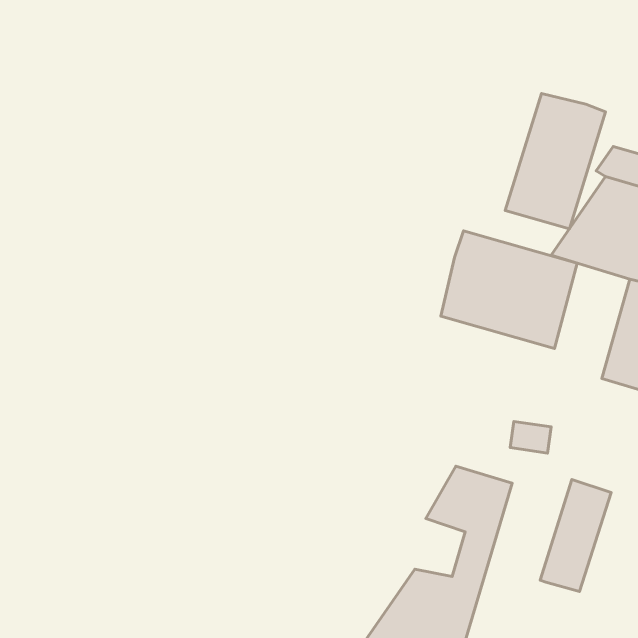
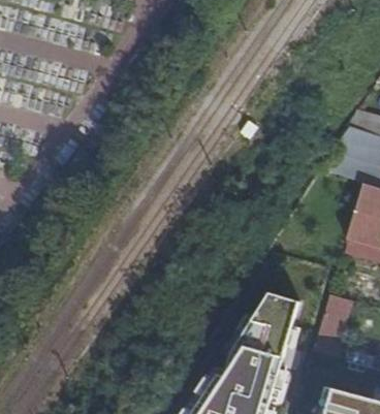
building: [505,93,606,229] -> none
building: [441,231,577,349] -> none

